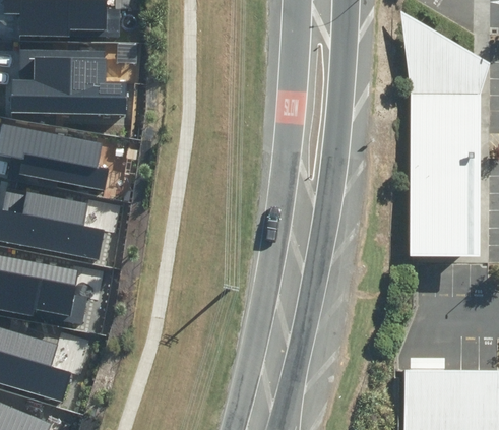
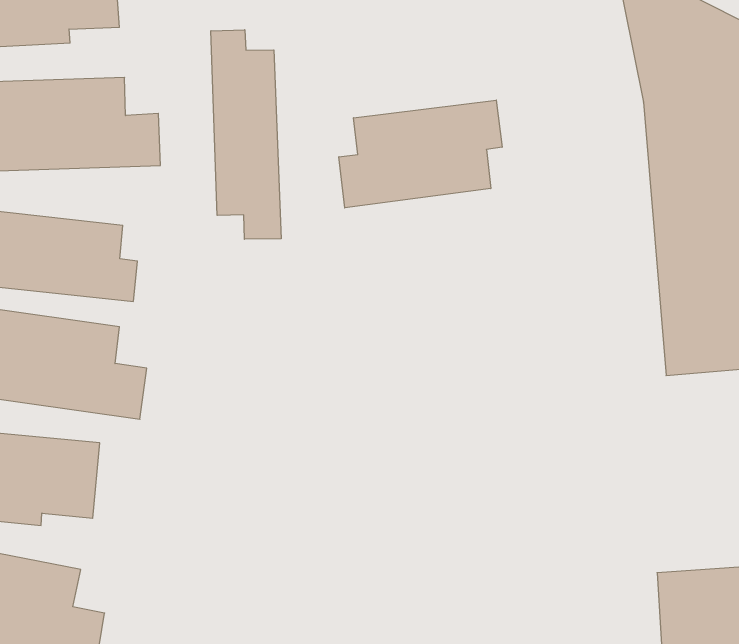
building: none -> [211,30,281,239]
building: none -> [339,100,502,208]

